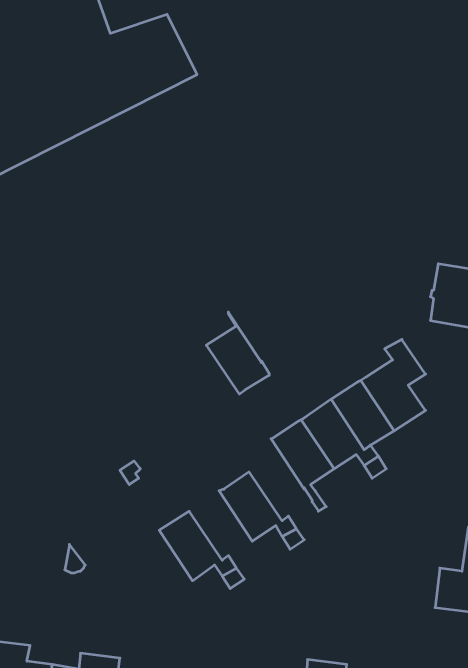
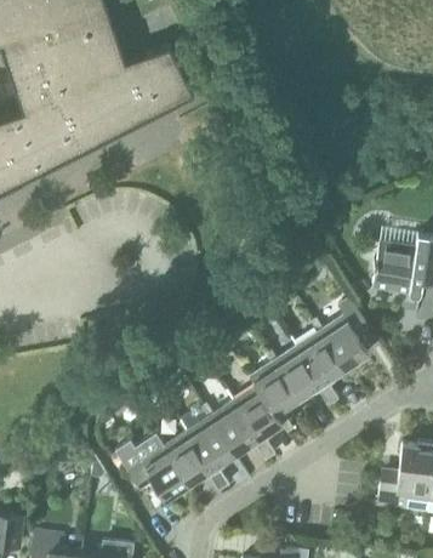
building: [206,312,269,394] -> [234,375,283,438]
building: none -> [188,415,237,468]
building: none -> [116,434,190,499]

